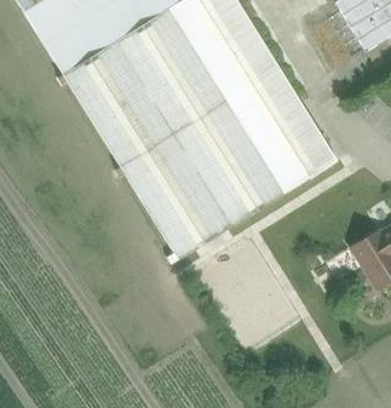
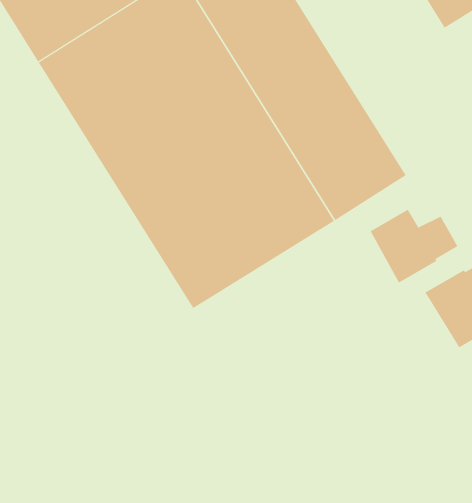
building: none -> [370,209,458,284]

